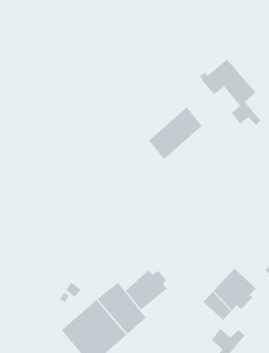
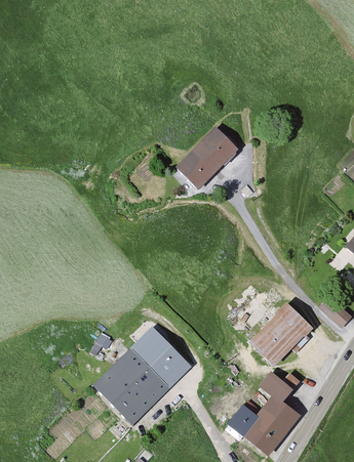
building: [199,59,261,126] -> none
building: [125,270,168,310] -> none

